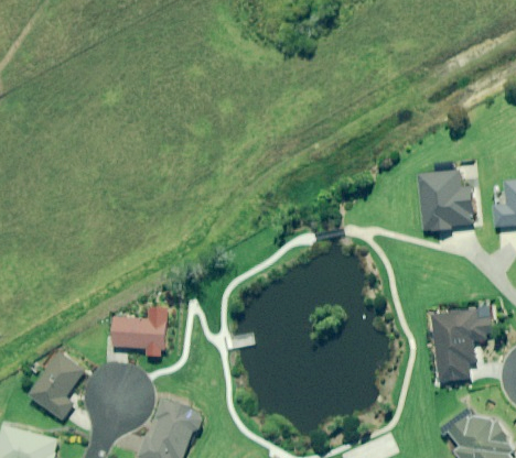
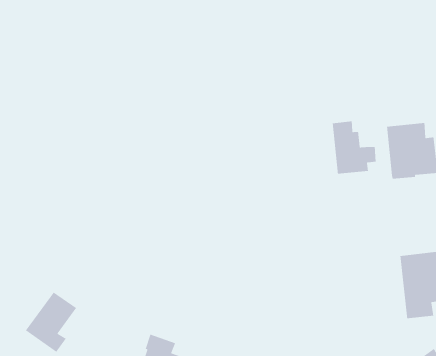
building: none -> [332,121,376,174]
building: [111,318,166,348] -> none

